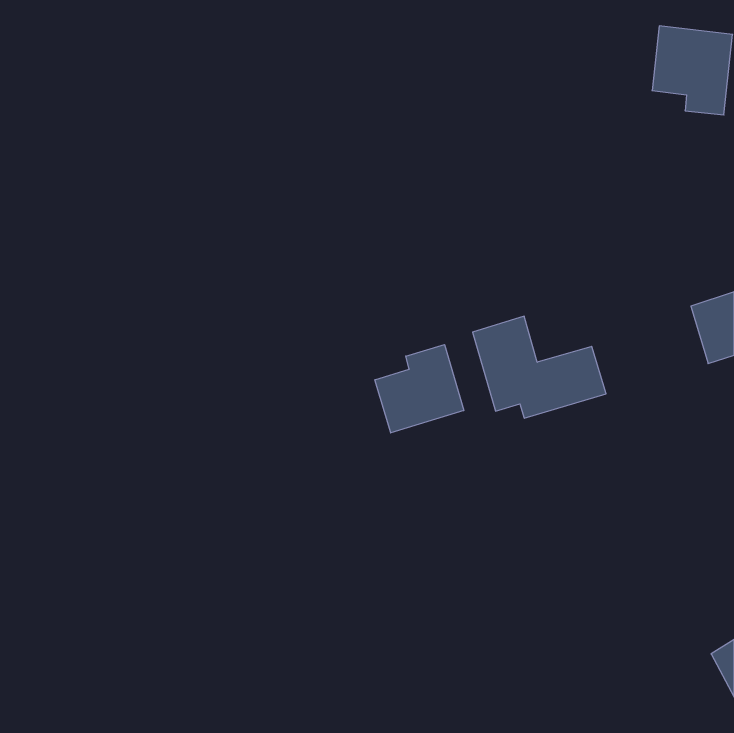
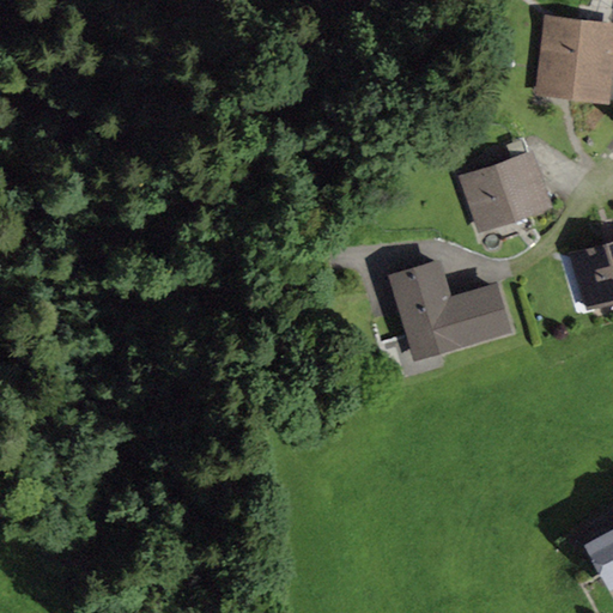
building: none -> [465,157,545,226]
building: [375,345,464,433] -> none

